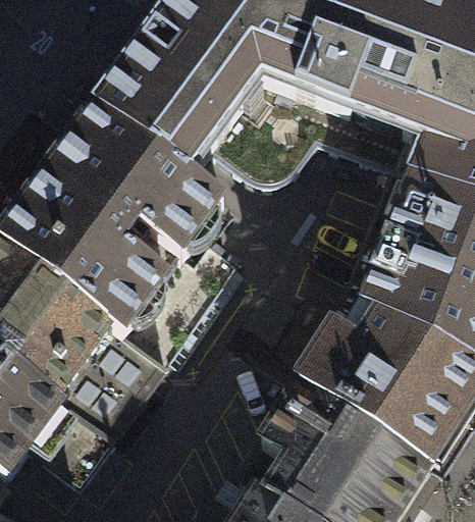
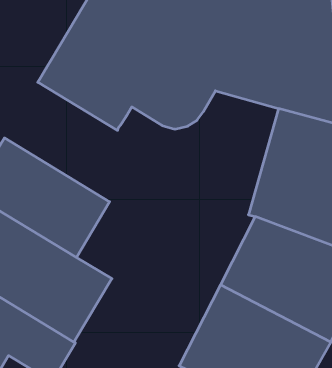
building: [50,113,224,270] -> none

